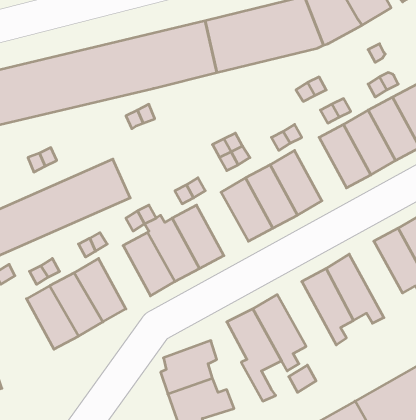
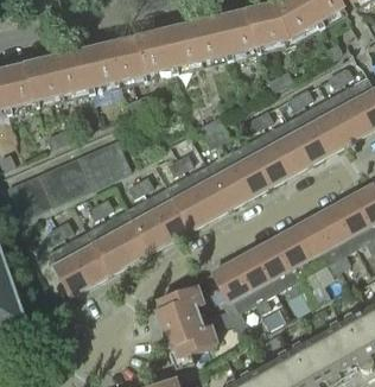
building: none -> [267,119,310,171]
building: none -> [186,164,229,216]
building: none -> [312,204,356,267]
building: none -> [106,208,148,260]
building: none -> [253,237,301,294]

